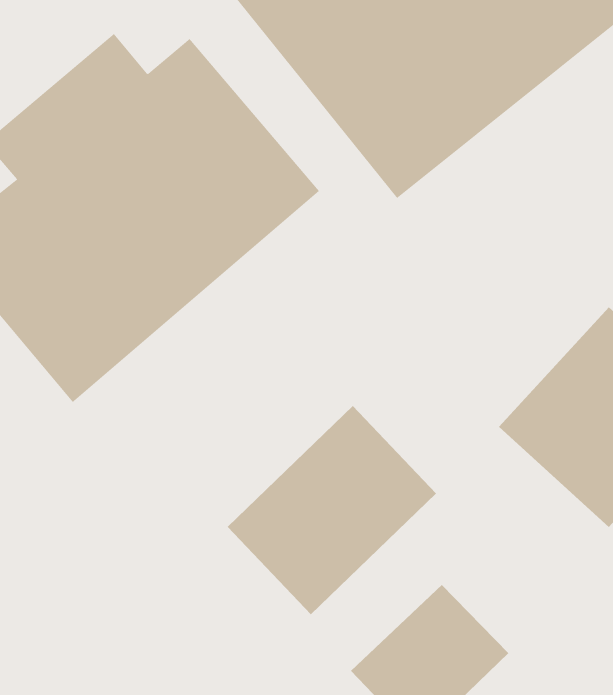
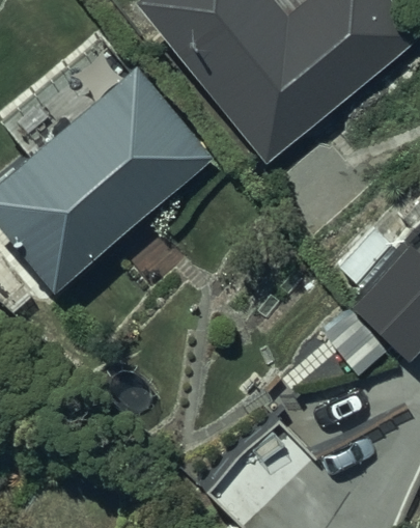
building: [227,405,437,615] -> none

